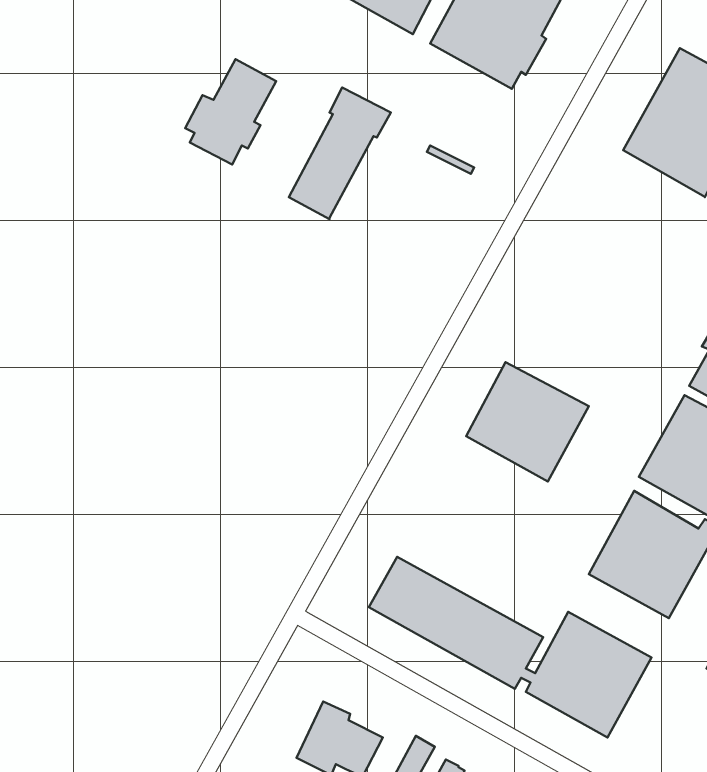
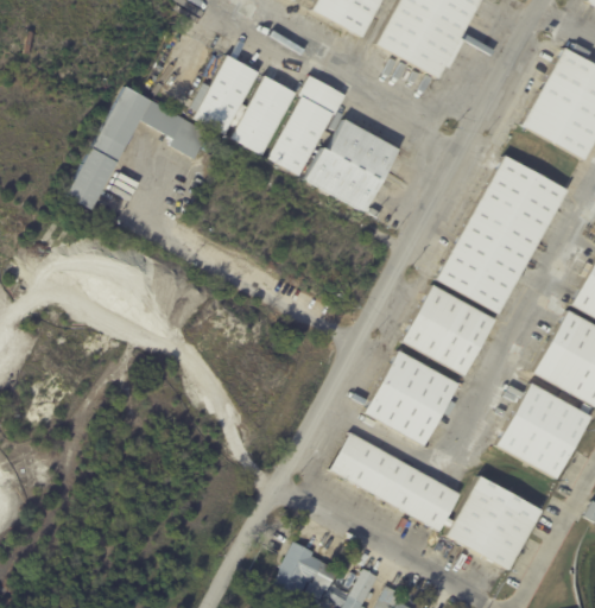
building: none -> [230,77,296,157]
building: none -> [68,88,209,210]
building: none -> [304,119,398,211]
building: none -> [437,154,568,312]
building: none -> [363,350,457,445]

